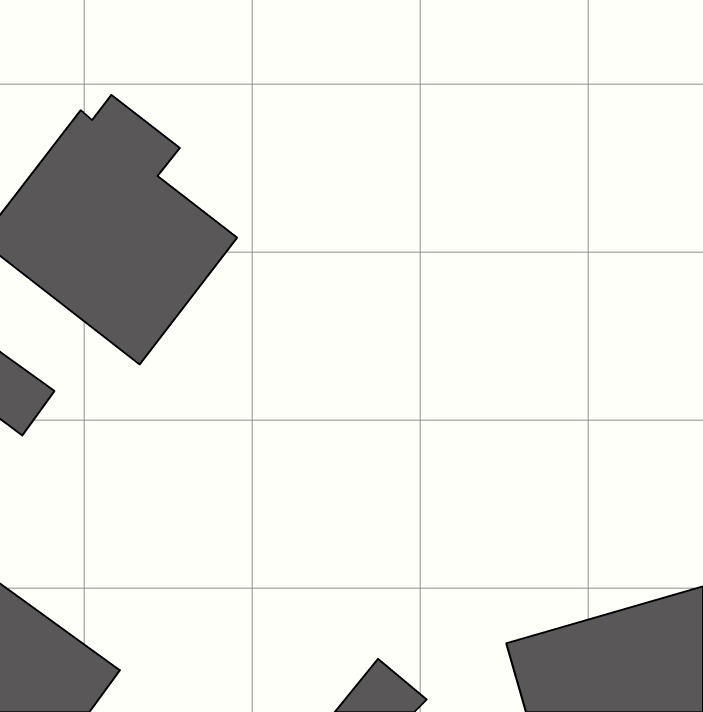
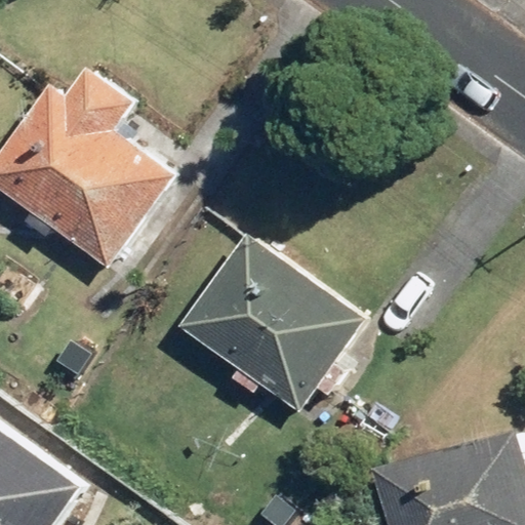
building: none -> [176,234,366,415]

